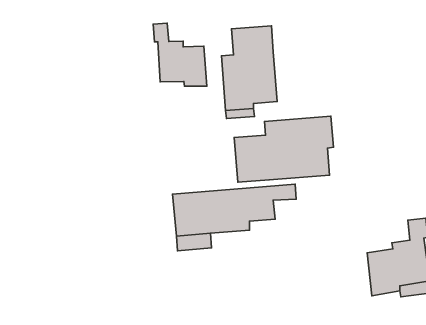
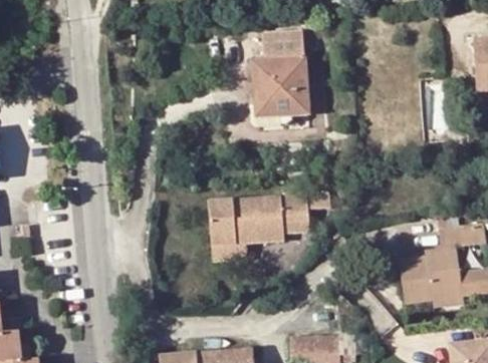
building: [153,23,207,86] -> none
building: [234,116,333,182] -> none

